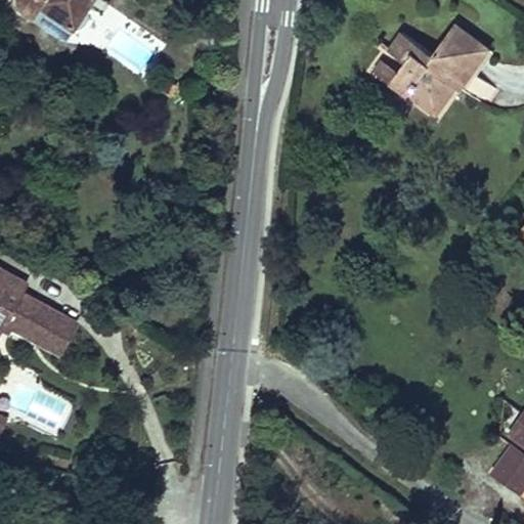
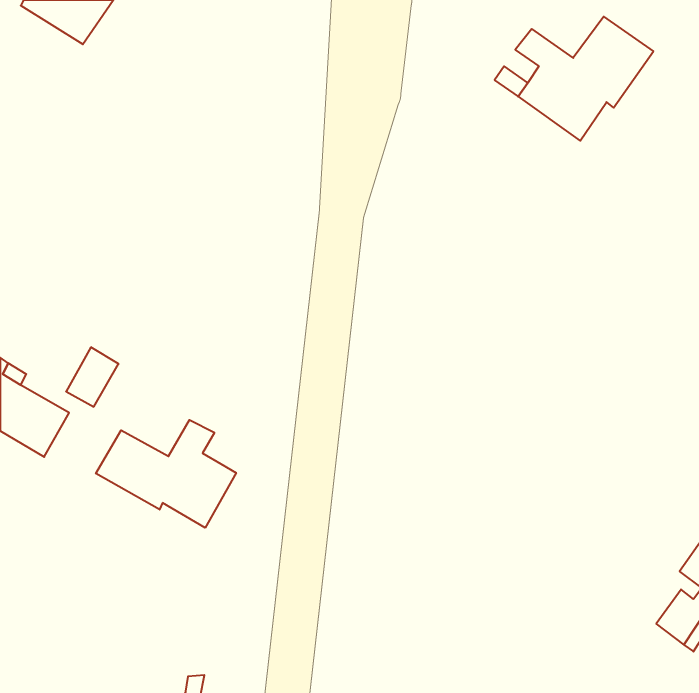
building: [38,315,77,359] -> [66,347,119,407]
building: none -> [96,420,236,528]

